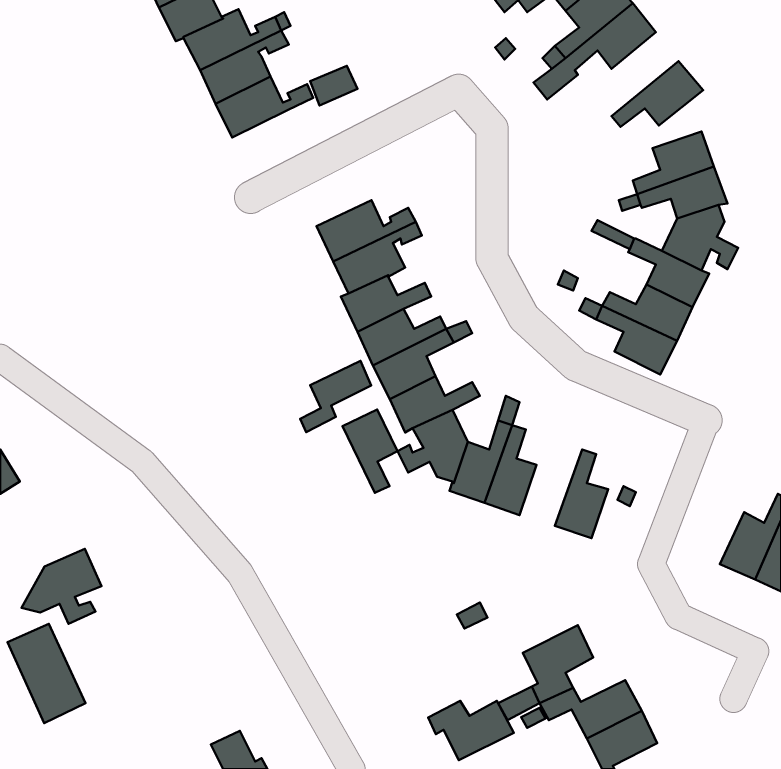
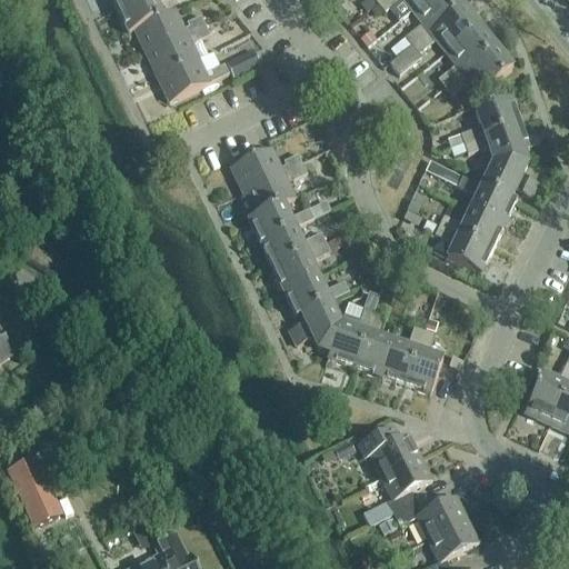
building: none -> [438,23,493,84]
building: [300,361,371,432] -> none
building: [343,409,397,493] -> none
building: none -> [378,323,423,382]
building: [21,549,102,624] -> none
building: [428,701,514,760] -> [358,431,420,475]

